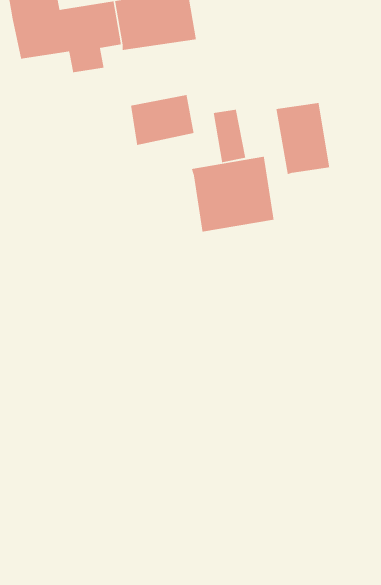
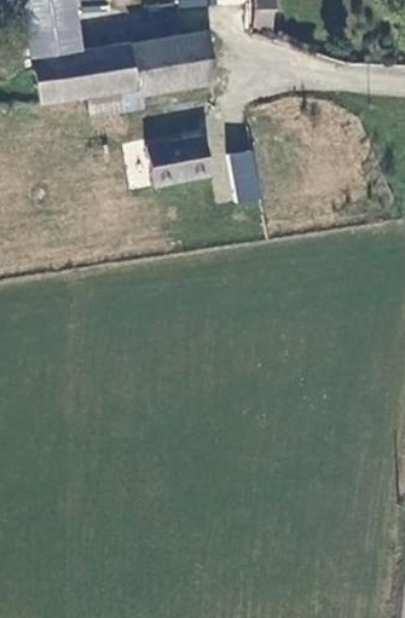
building: [276,102,330,175] -> none
building: [191,156,274,232] -> none

